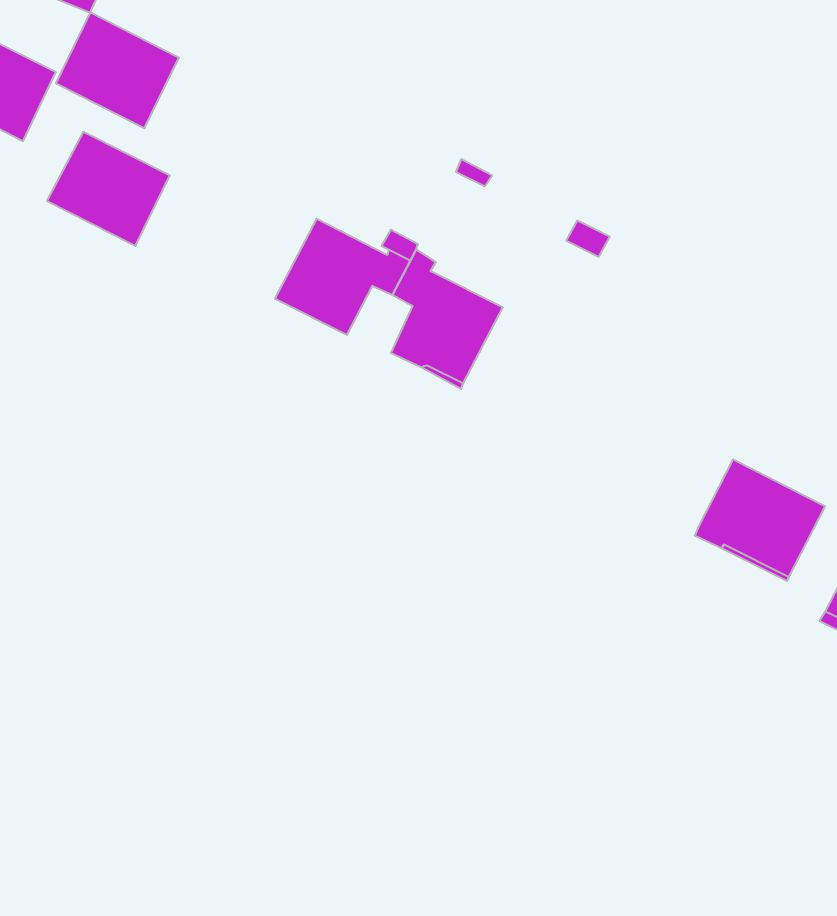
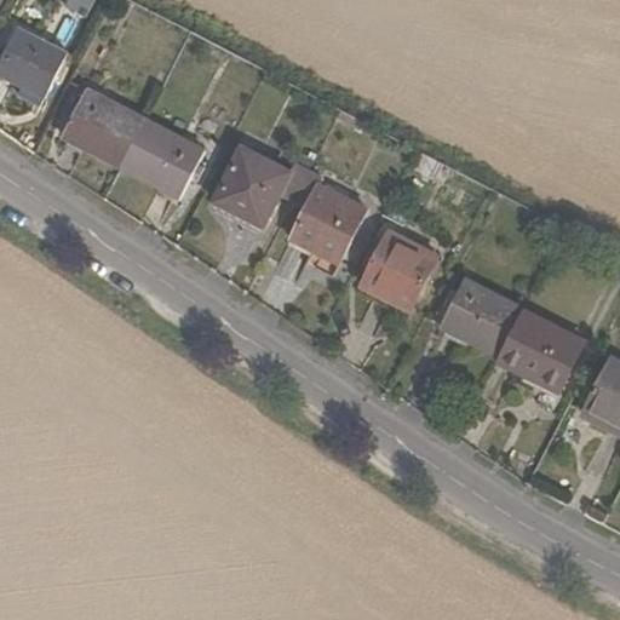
building: [56,12,179,128] -> [120,119,202,196]
building: none -> [361,229,437,308]
building: none -> [438,277,521,354]

